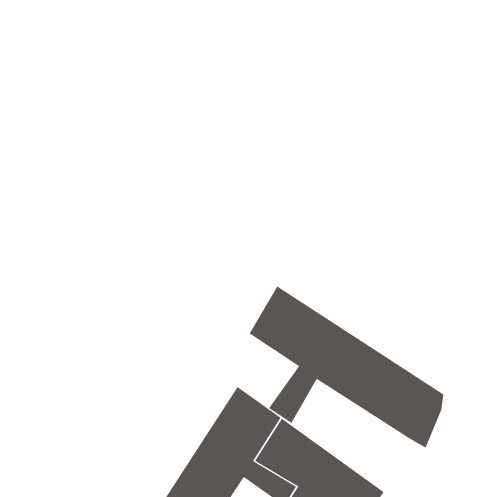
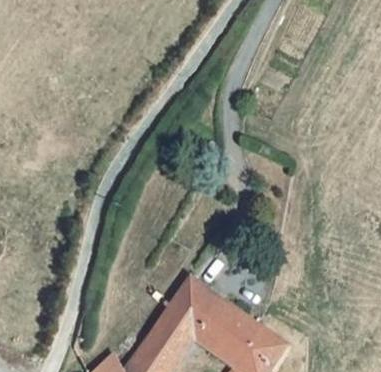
building: [249,285,444,448] -> none

